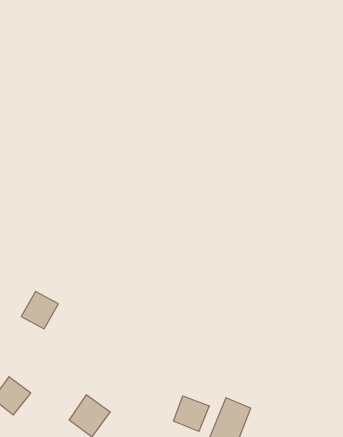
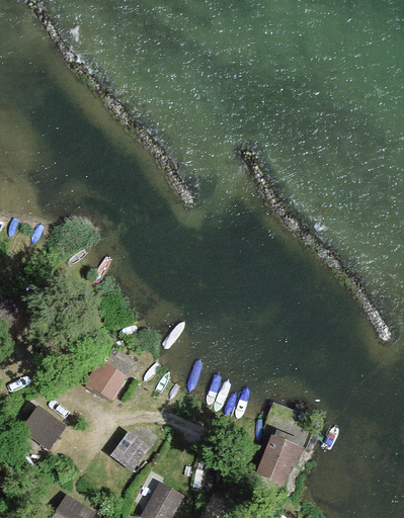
building: [21,292,58,329] -> [84,359,124,399]
building: [173,396,209,431] -> none

